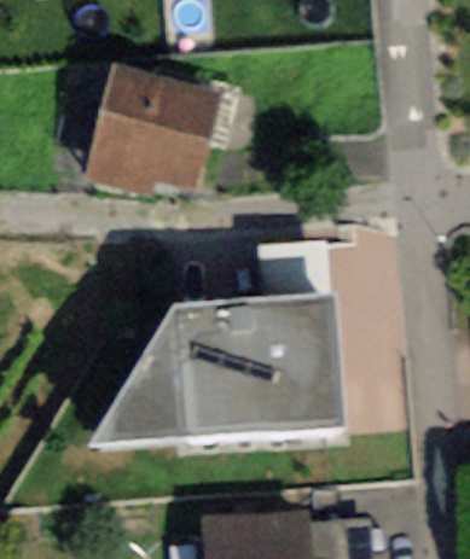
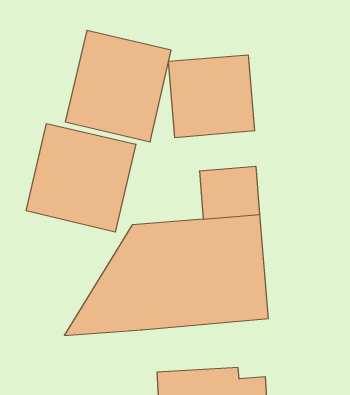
building: none -> [169,55,255,138]
building: none -> [26,124,136,232]

